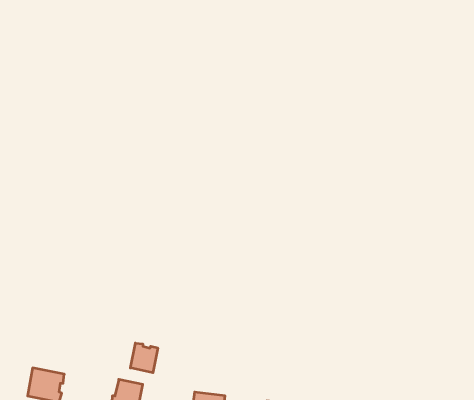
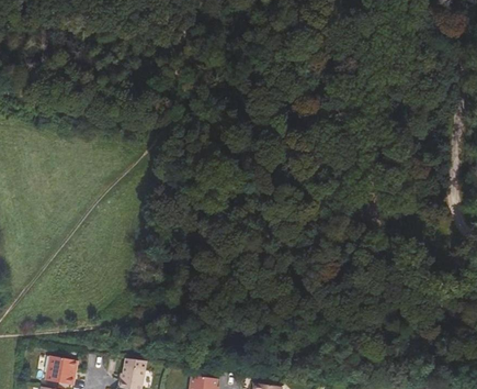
building: [130,343,158,373] -> none

